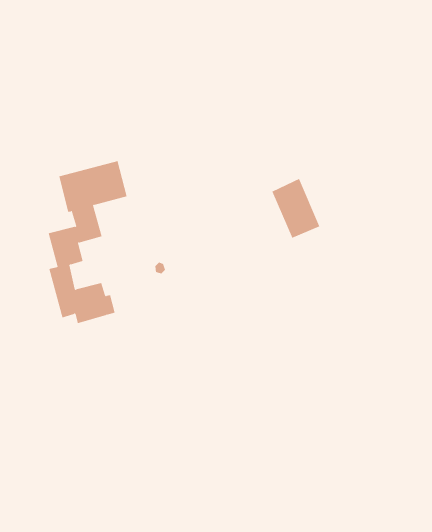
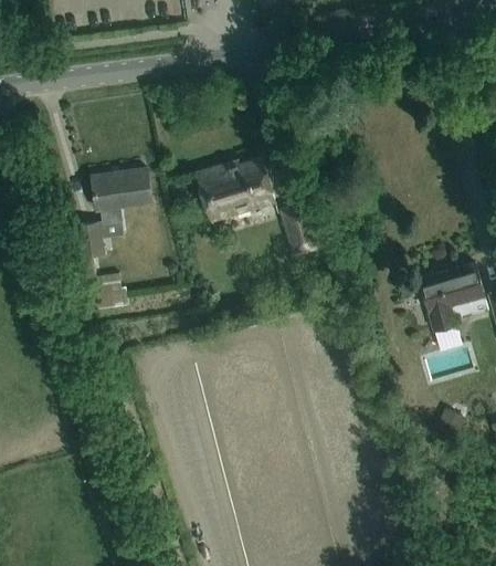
building: none -> [196,158,273,219]

